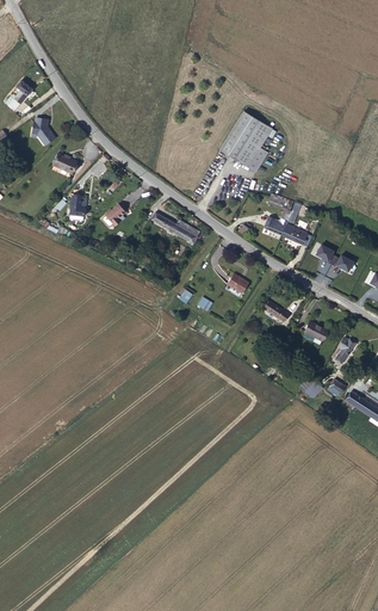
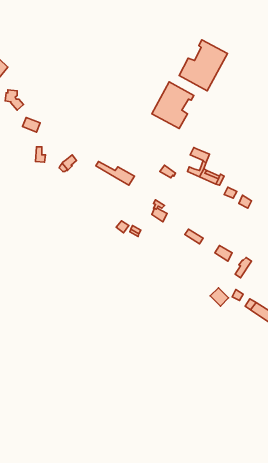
building: none -> [179,40,227,91]

